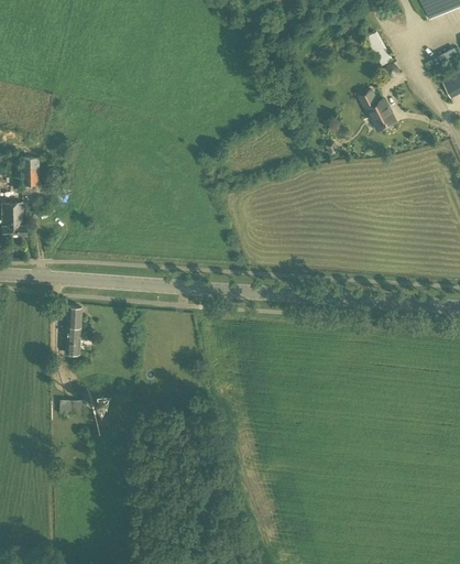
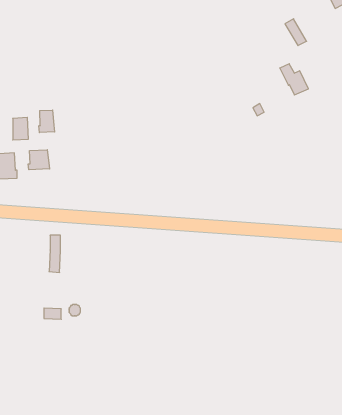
building: none -> [39,110,55,133]
building: none -> [28,150,50,170]

